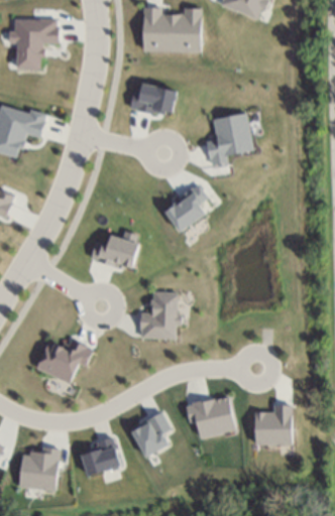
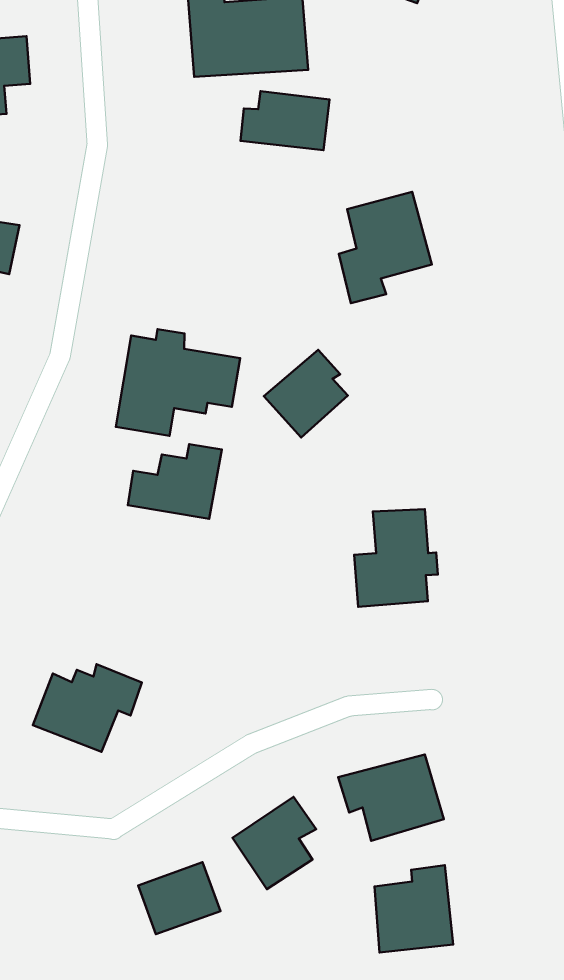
building: [130,84,177,116] -> [240,91,330,150]
building: none -> [116,329,240,436]
building: [140,291,182,339] -> [354,509,438,607]
building: [255,404,293,445] -> [374,865,453,952]
building: [19,446,61,491] -> none

